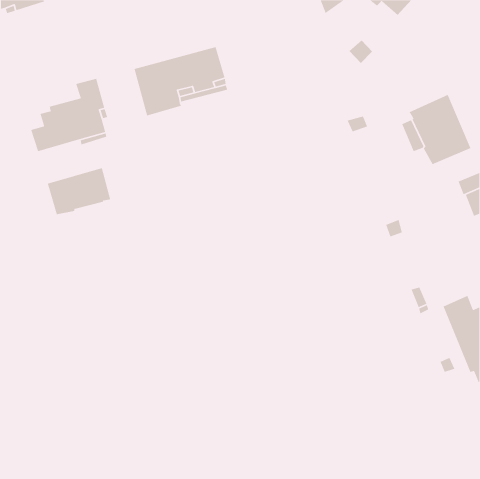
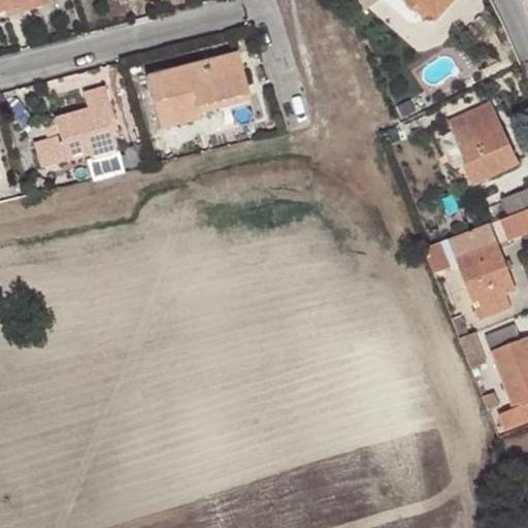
building: [47,167,111,215] -> none
building: none -> [447,222,516,320]

